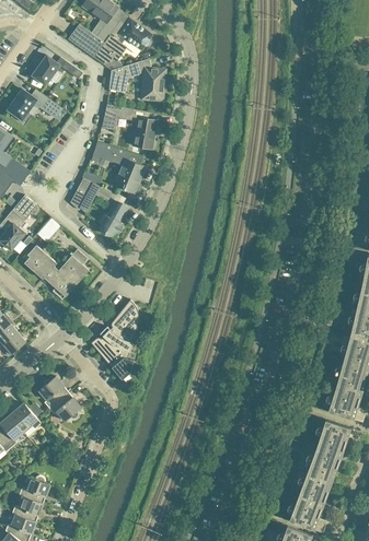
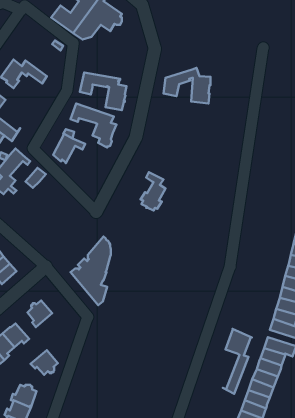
building: [33,55,66,84] -> none
building: [109,58,165,101] -> [164,68,210,103]
building: [99,189,128,235] -> [141,172,165,211]
building: [25,245,90,298] -> none
building: [49,391,82,421] -> [30,350,58,375]
building: none -> [223,329,252,394]

